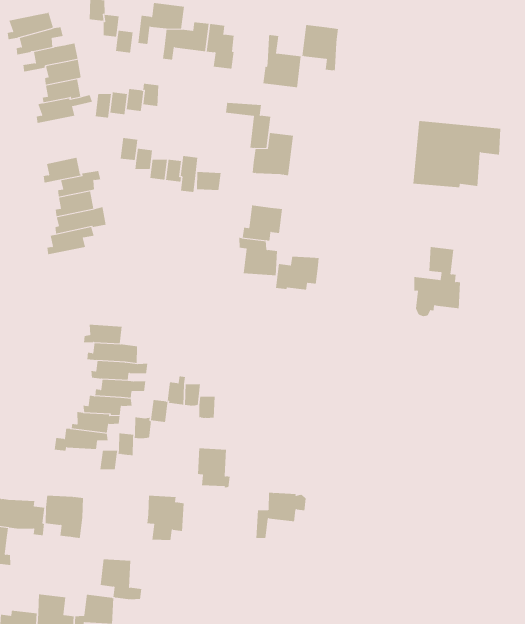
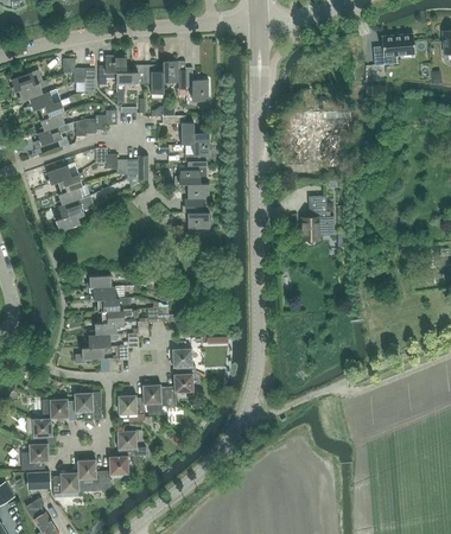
building: [302,25,339,71] -> [163,61,186,89]
building: [275,256,320,290] -> [179,160,207,184]
building: [255,492,307,539] -> [167,373,199,406]
building: none -> [117,394,145,427]

